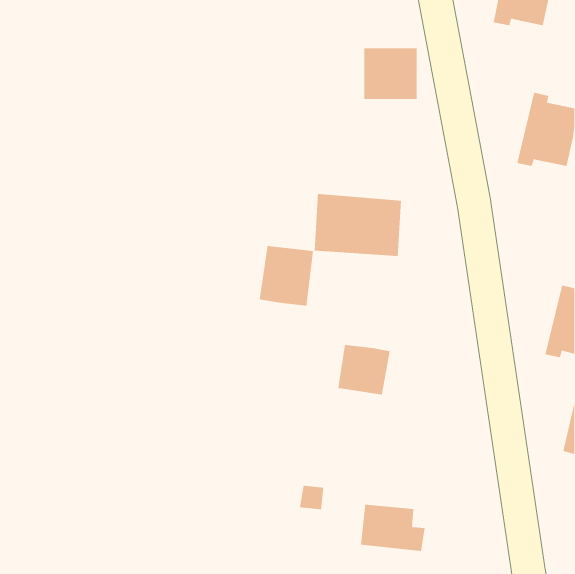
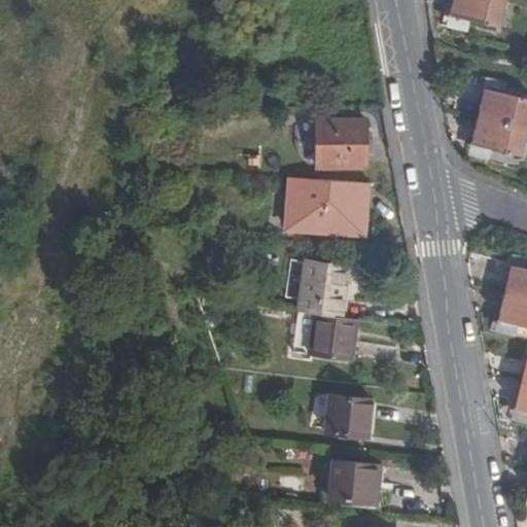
building: [363,48,417,100] -> [316,120,365,168]
building: [259,245,314,306] -> [297,262,348,318]
building: none -> [326,395,377,436]

